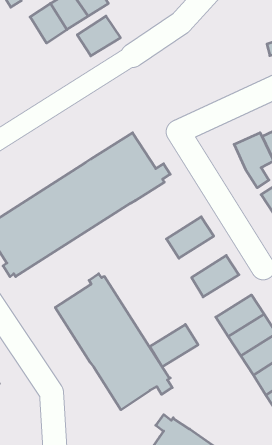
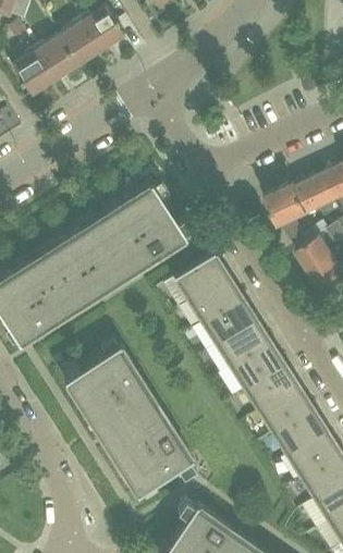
building: [77,16,120,56] -> none
building: none -> [13,51,54,95]
building: none -> [174,254,229,302]
building: none -> [204,298,257,345]
building: [150,324,198,367] -> [231,342,285,390]

